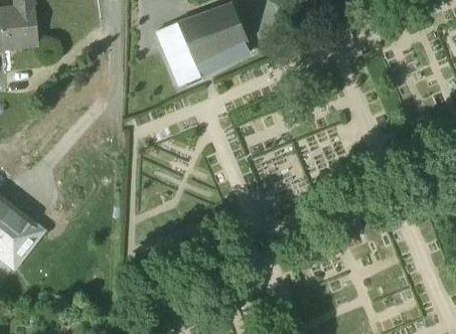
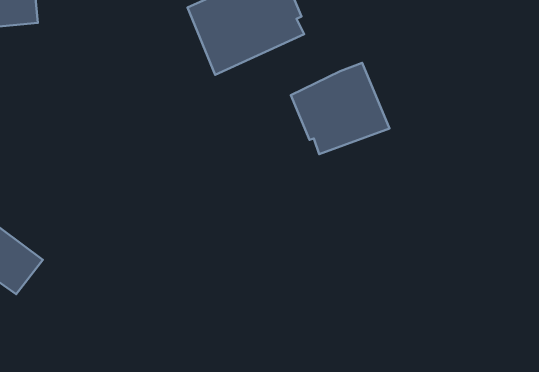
building: none -> [291,63,389,154]

